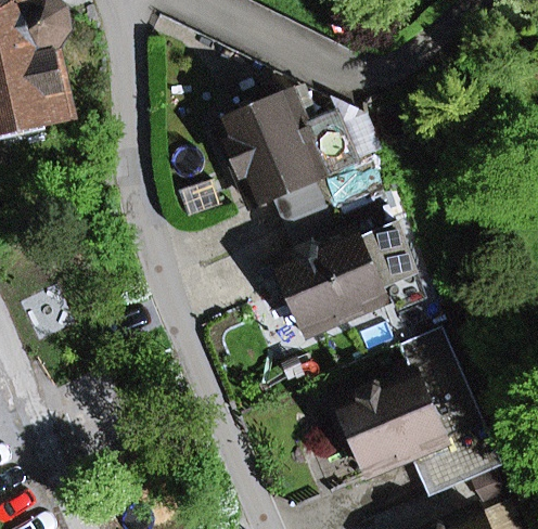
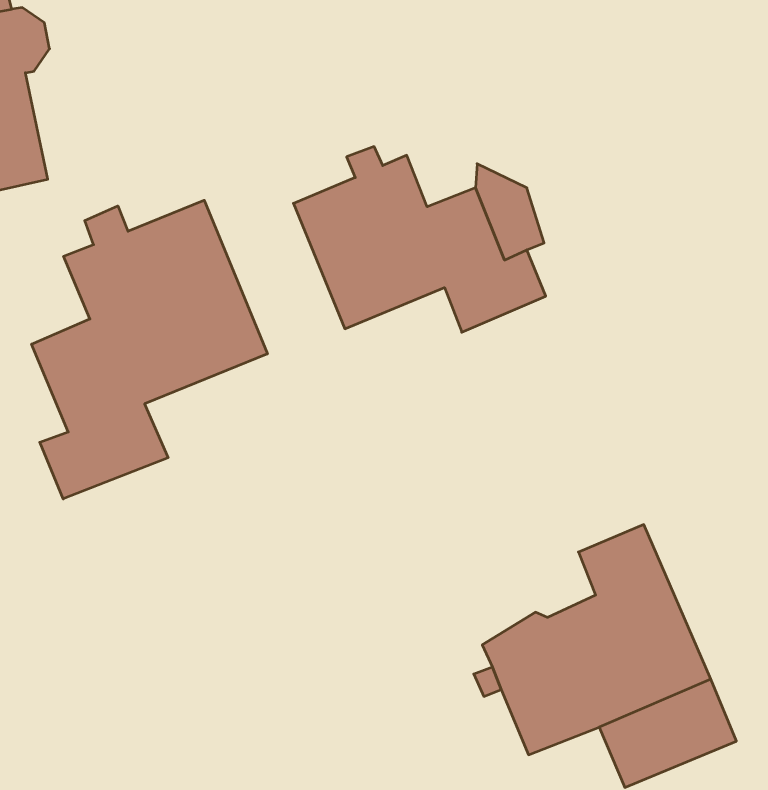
building: none -> [32,200,267,499]
building: [278,188,420,336] -> none

